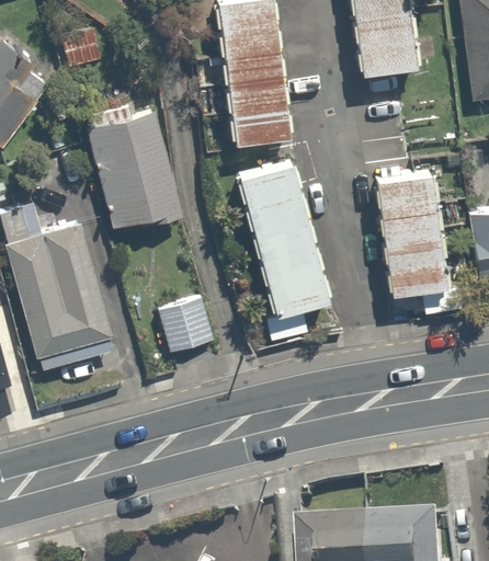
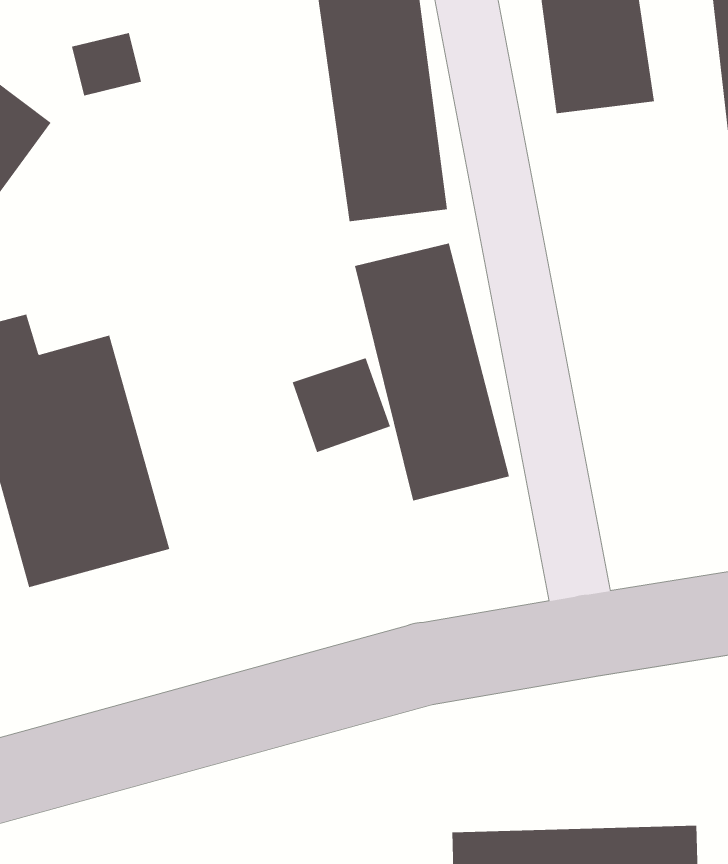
building: [81,100,186,230] -> none
building: [378,172,456,318] -> none
building: [156,296,217,355] -> [292,357,391,453]

